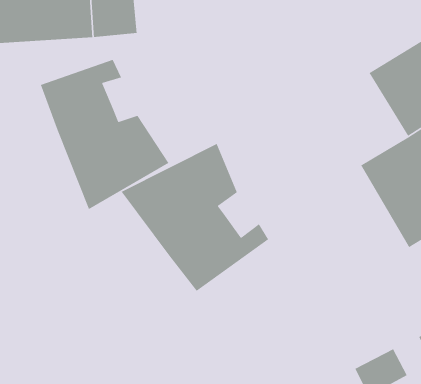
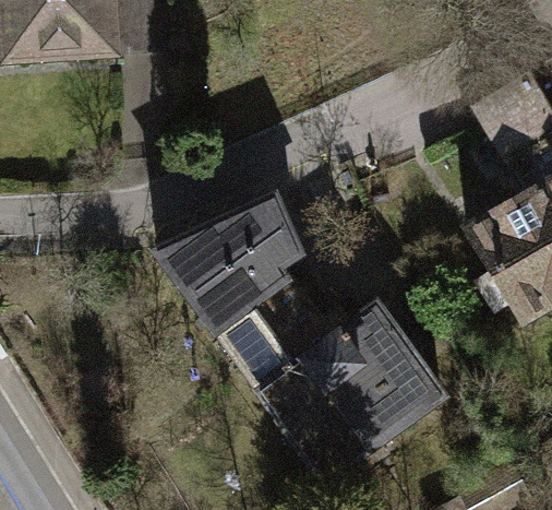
building: [40,59,169,210] -> none
building: none -> [252,292,449,484]

